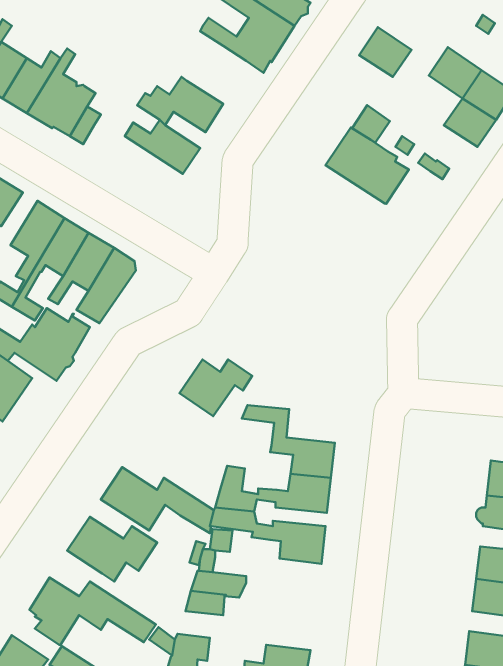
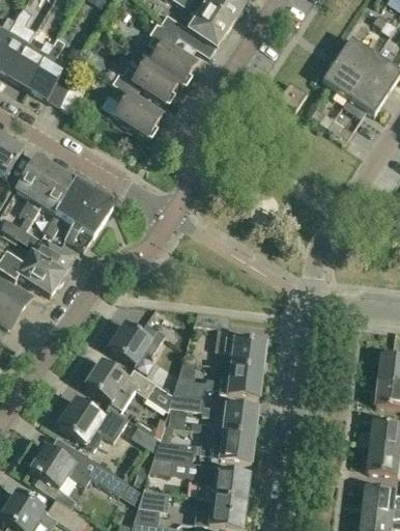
building: [359,27,412,77] -> [322,59,363,97]
building: none -> [149,23,195,83]
building: [326,127,409,204] -> none
building: [180,360,252,416] -> [108,323,164,366]
building: none -> [199,430,254,464]
building: none -> [197,469,249,502]

